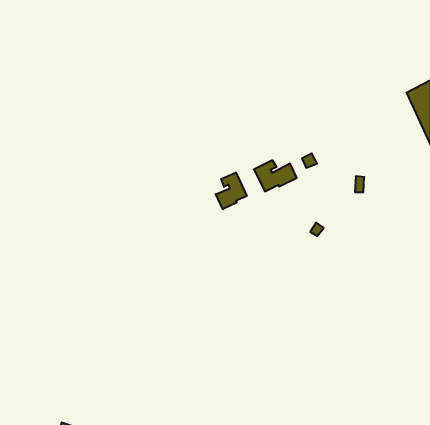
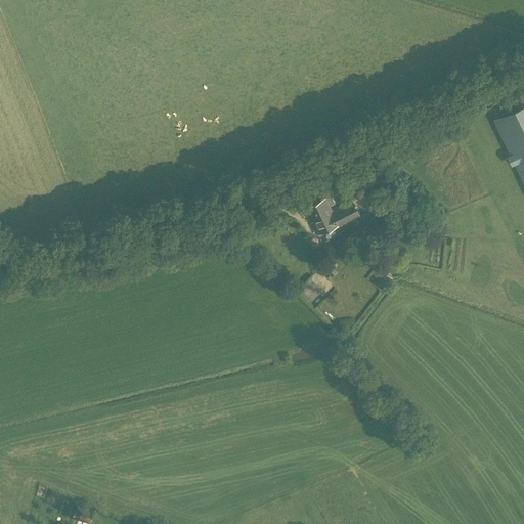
building: [216,172,247,209] -> none

